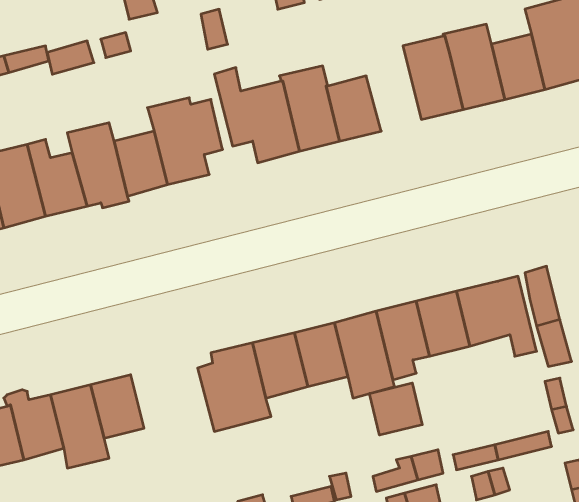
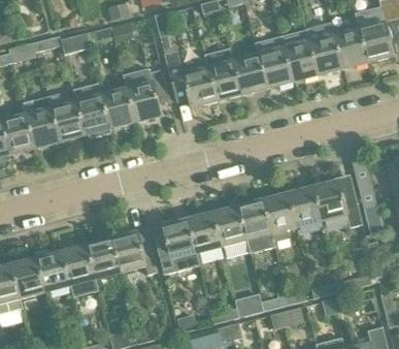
building: none -> [255,35,292,88]
building: none -> [112,229,158,274]
building: [370,383,422,435] -> none

